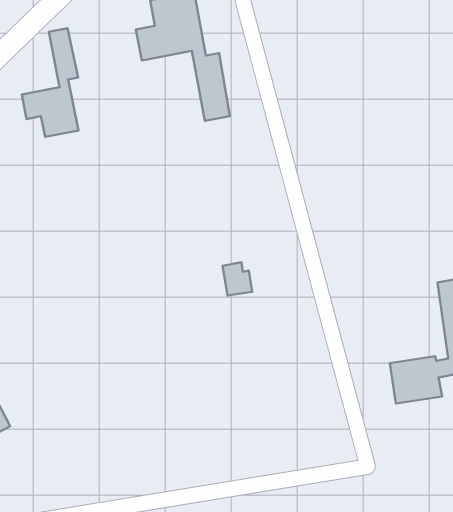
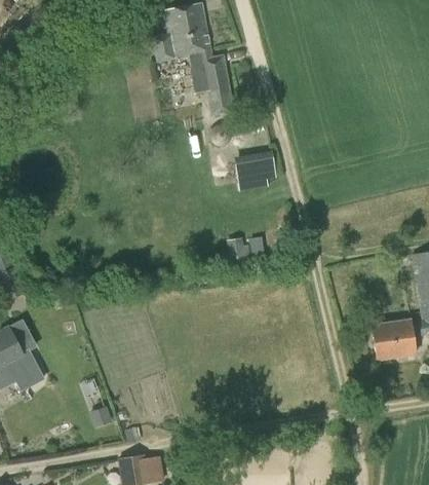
building: [22,28,78,137] -> none
building: none -> [236,155,276,183]

